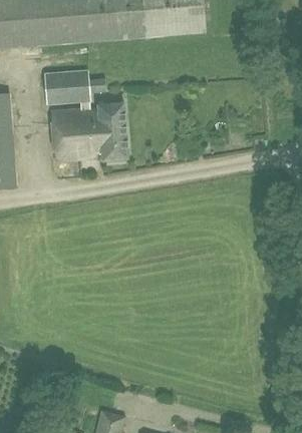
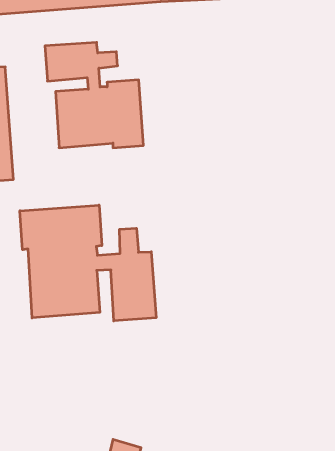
building: none -> [20,205,156,321]

